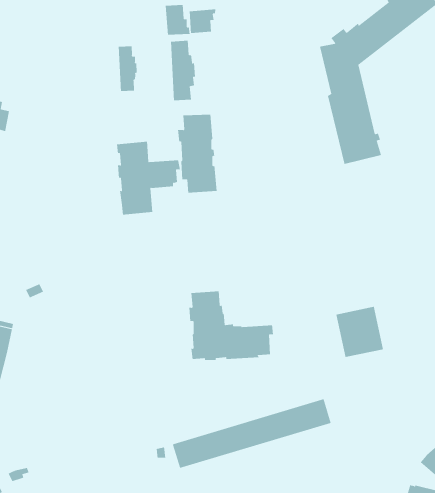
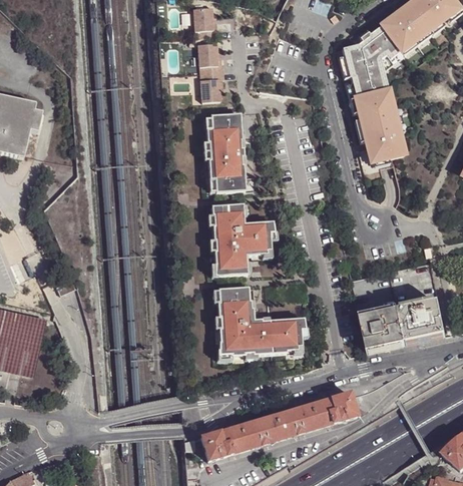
building: [189,8,216,34] -> none
building: [118,45,137,92] -> none
building: [116,141,181,215] -> [210,203,274,276]
building: none -> [398,293,447,344]

